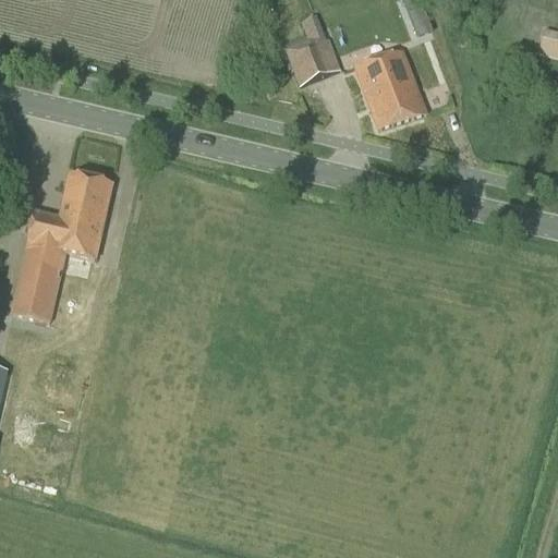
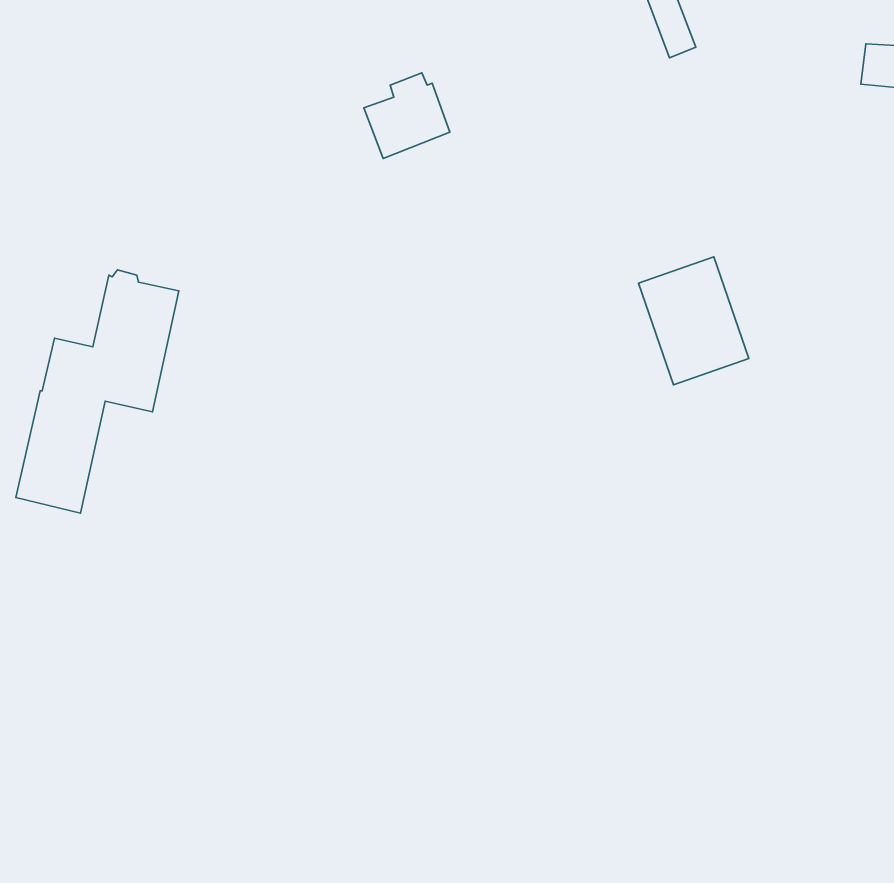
building: [287,29,340,83] -> [364,73,450,159]
building: [356,48,425,128] -> [638,257,749,385]

